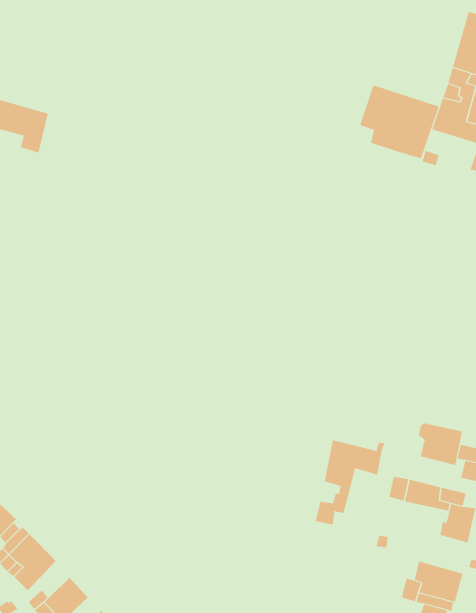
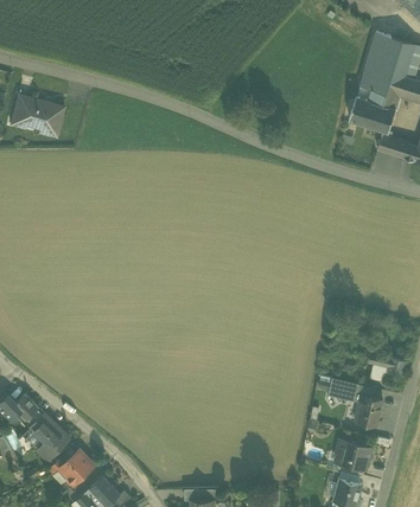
building: [359,84,439,159] -> none
building: [418,423,463,466] -> none
building: [315,439,385,525] -> none

